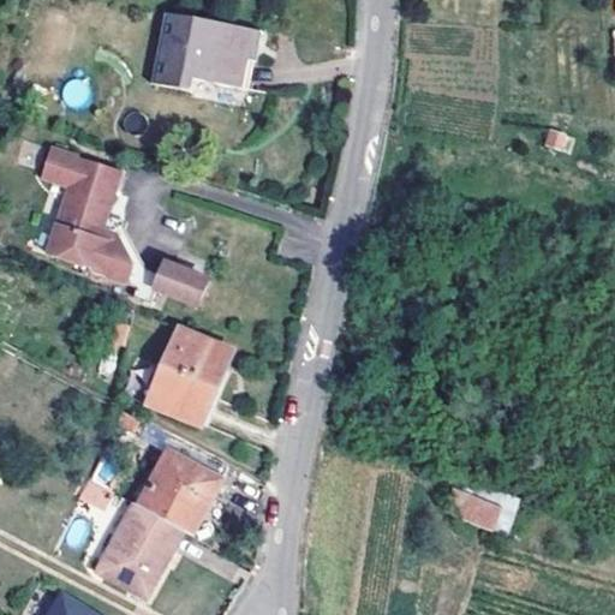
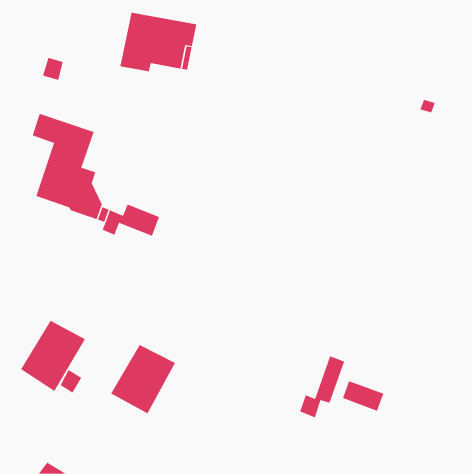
building: [149,330,231,424] -> none
building: none -> [300,356,345,418]
building: [97,502,181,595] -> [20,320,86,392]

